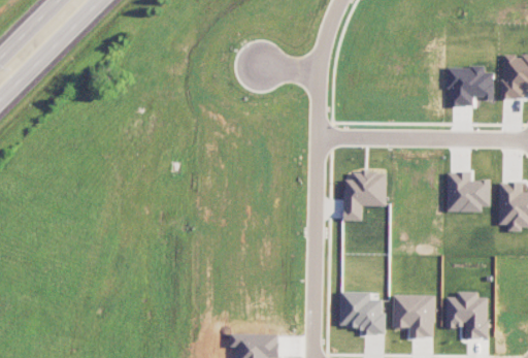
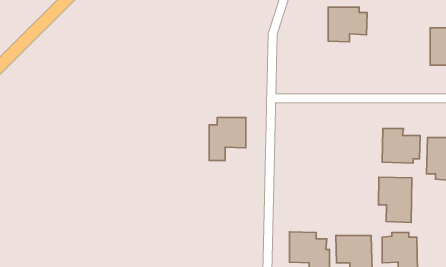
building: [449,66,494,106] -> [328,7,367,42]
building: [343,171,386,221] -> [209,118,246,160]
building: none -> [378,177,412,222]

